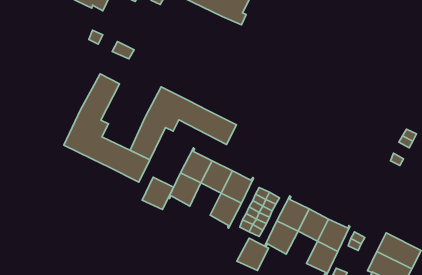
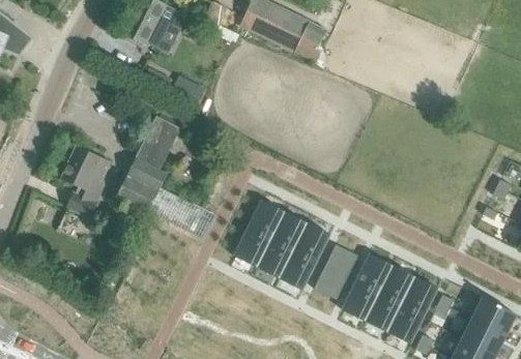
building: [130,87,236,160] -> none
building: none -> [61,146,111,218]
building: [142,177,174,209] -> [258,239,293,275]
building: [237,238,268,270] -> [366,293,401,329]

